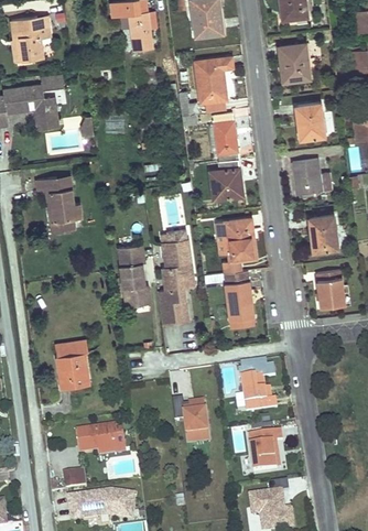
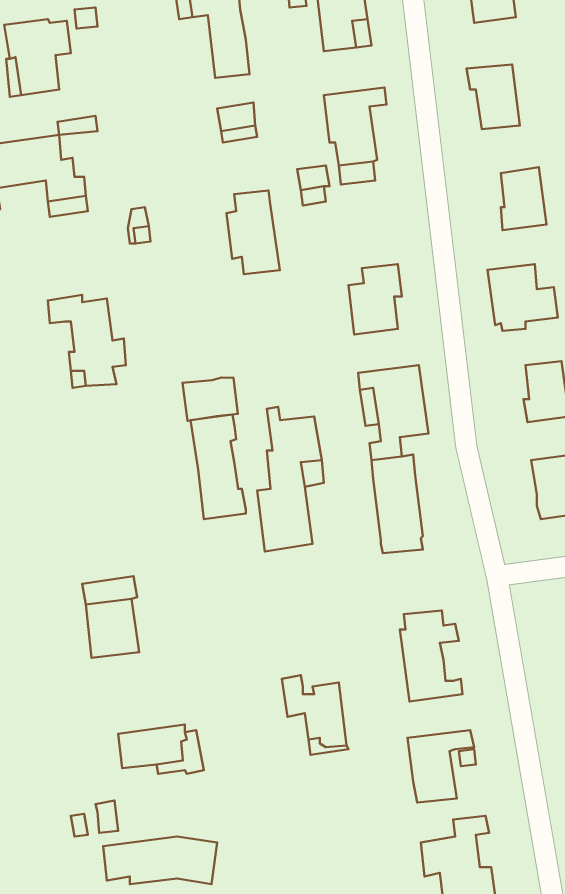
building: [208,112,239,161] -> [227,190,280,274]
building: none -> [183,377,238,421]

